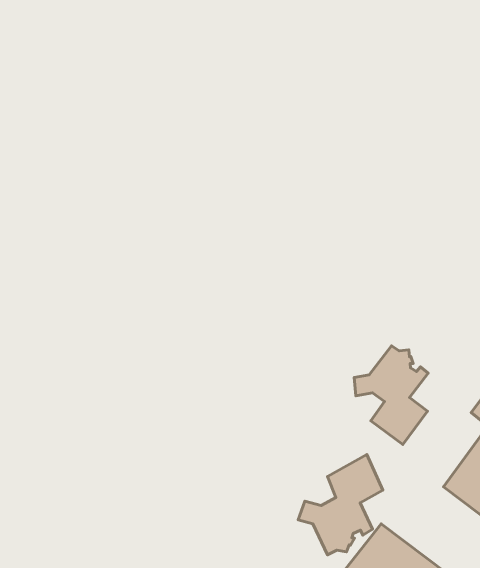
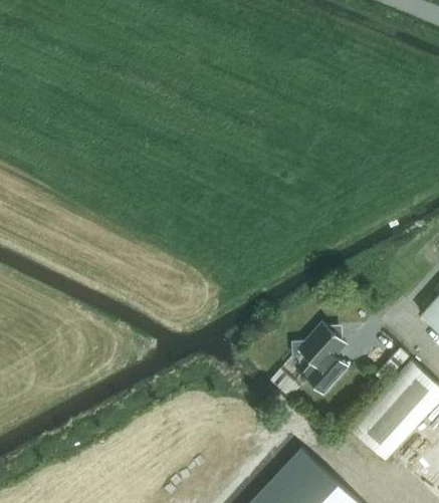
building: [298,454,383,555] -> none

